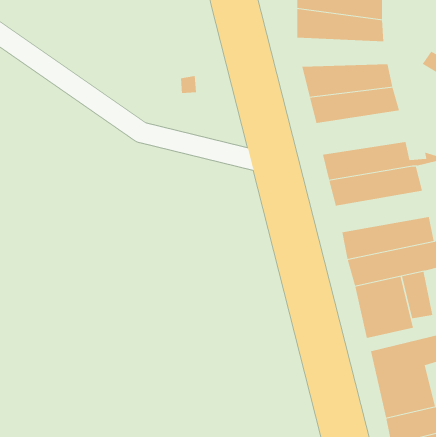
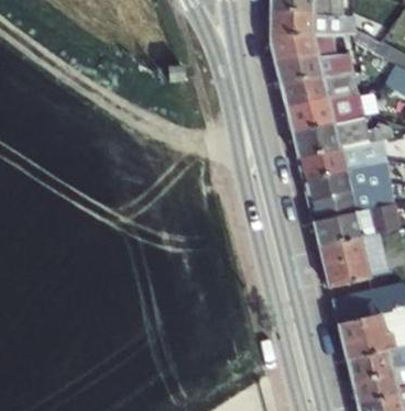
building: none -> [270,33,348,57]
building: none -> [286,95,363,132]
building: none -> [303,163,383,198]

